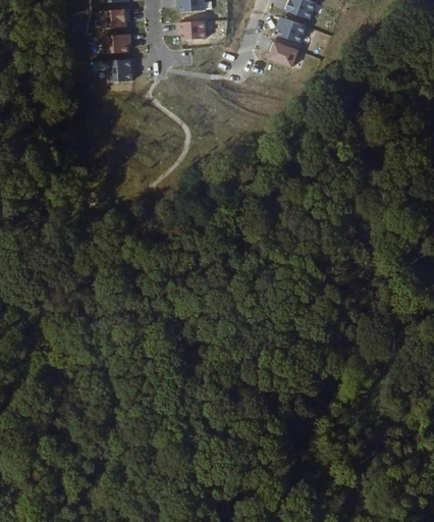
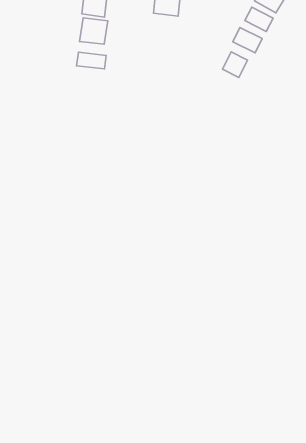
building: none -> [222,52,248,78]
building: none -> [77,52,106,69]

